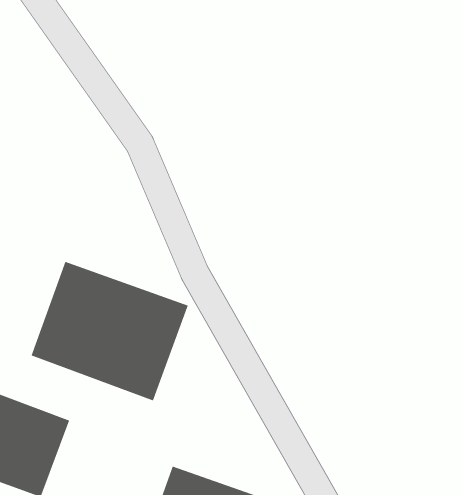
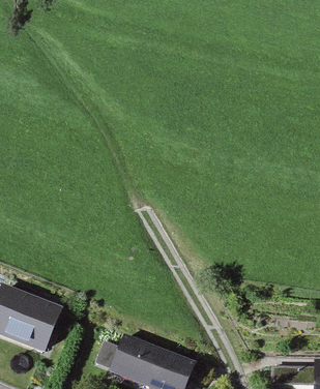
building: [31,261,189,402] -> none

